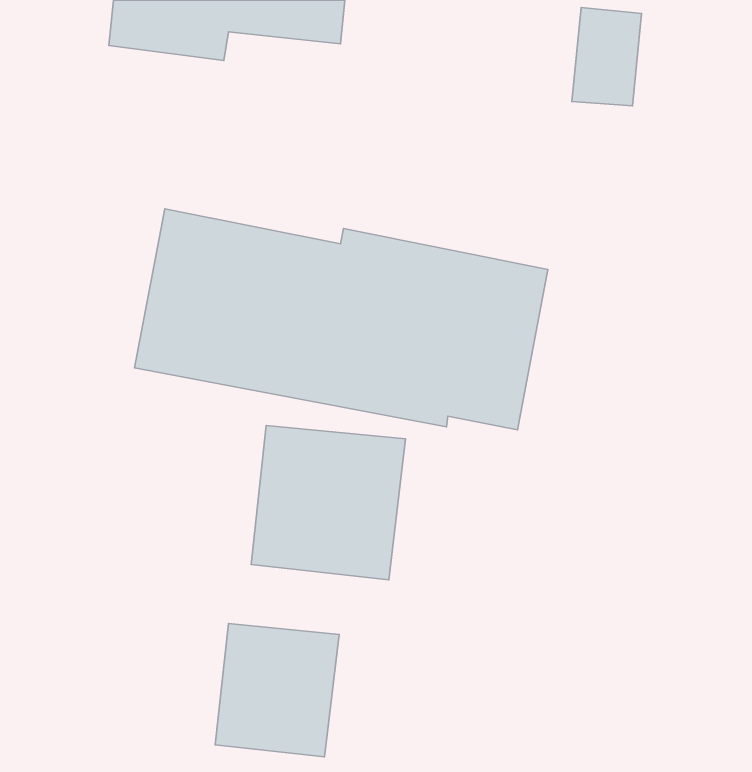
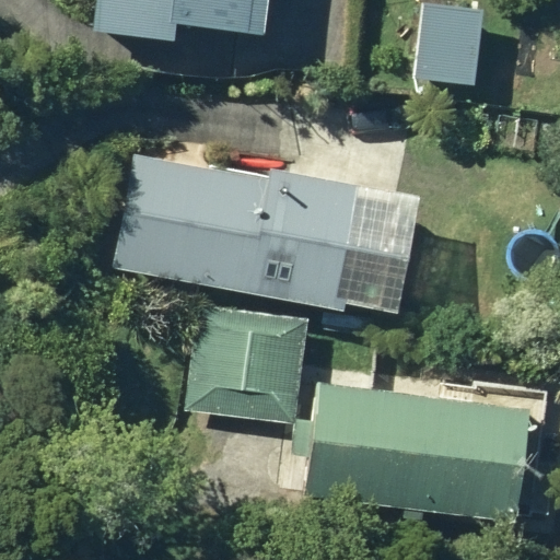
building: none -> [293,384,524,518]
building: [215,623,339,757] -> none

